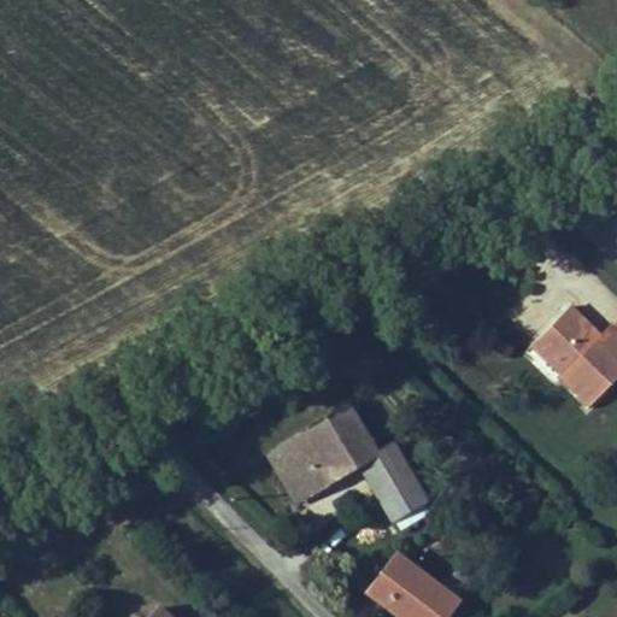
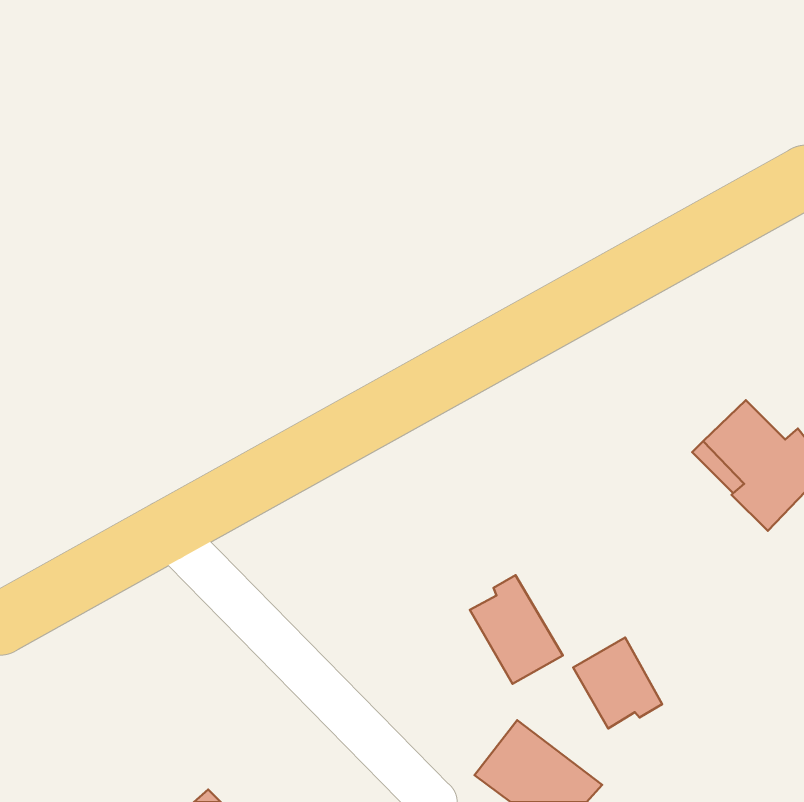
building: [265,402,381,504] -> none
building: none -> [573,637,662,728]

